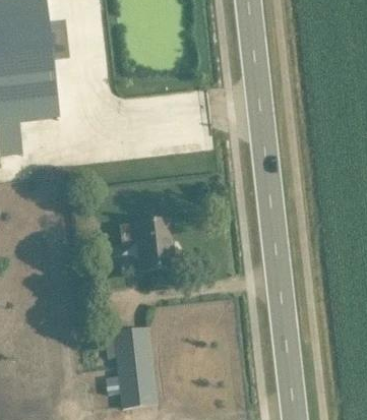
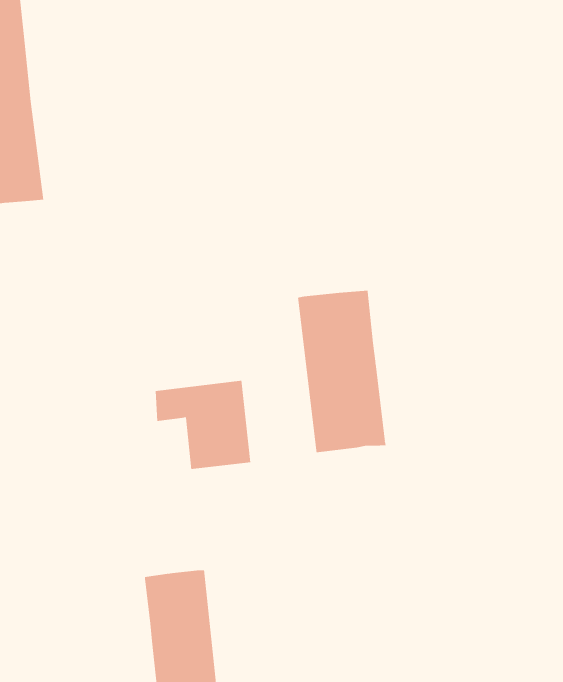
building: none -> [298,290,386,453]

